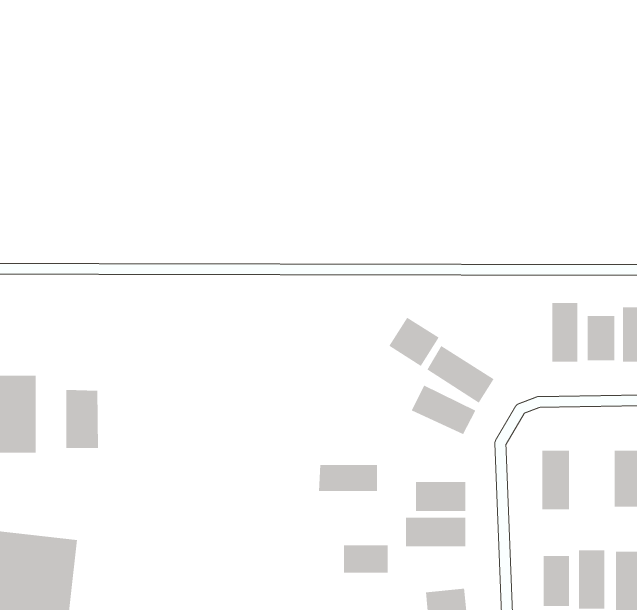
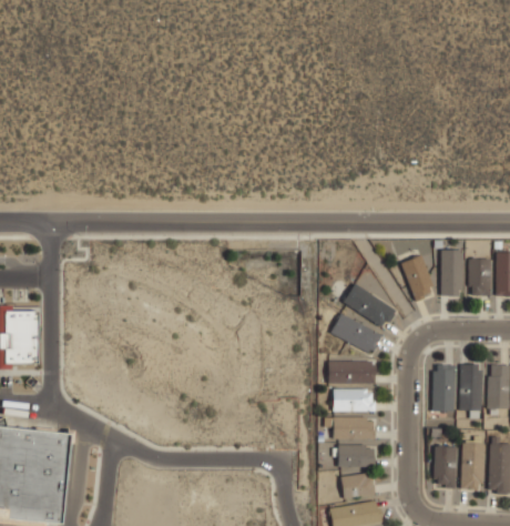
building: none -> [401,254,437,301]
building: [389,317,439,367] -> none
building: [66,389,99,449] -> none
building: none -> [461,364,482,411]
building: [318,464,378,491] -> [329,361,376,382]
building: [343,545,389,573] -> [339,444,375,466]

